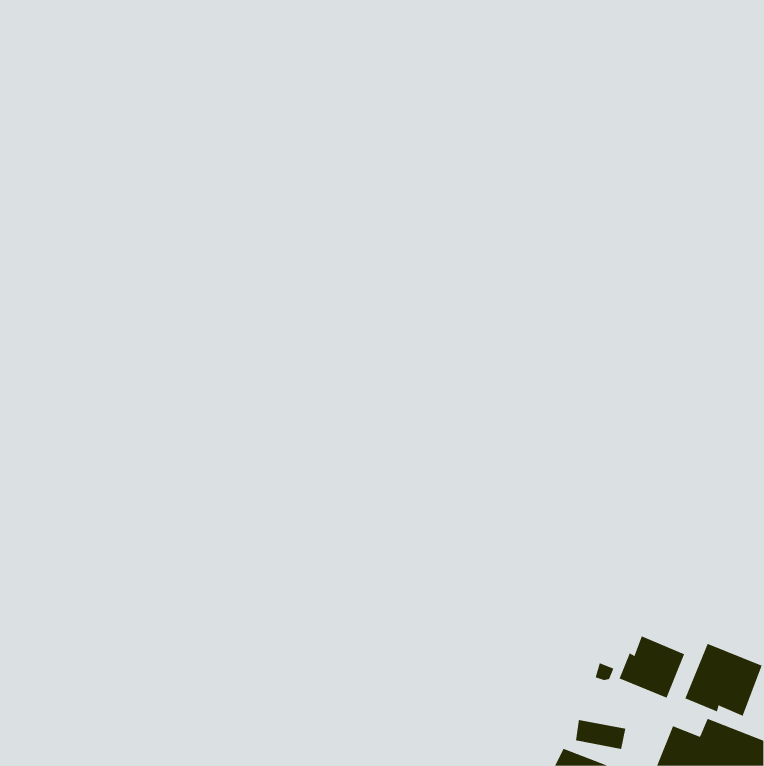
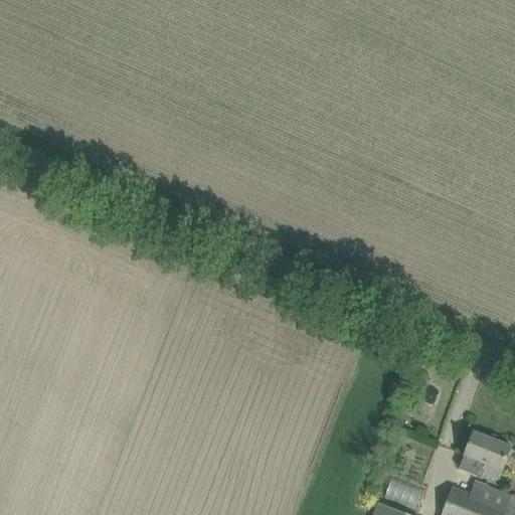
building: [619,635,685,698] -> none

